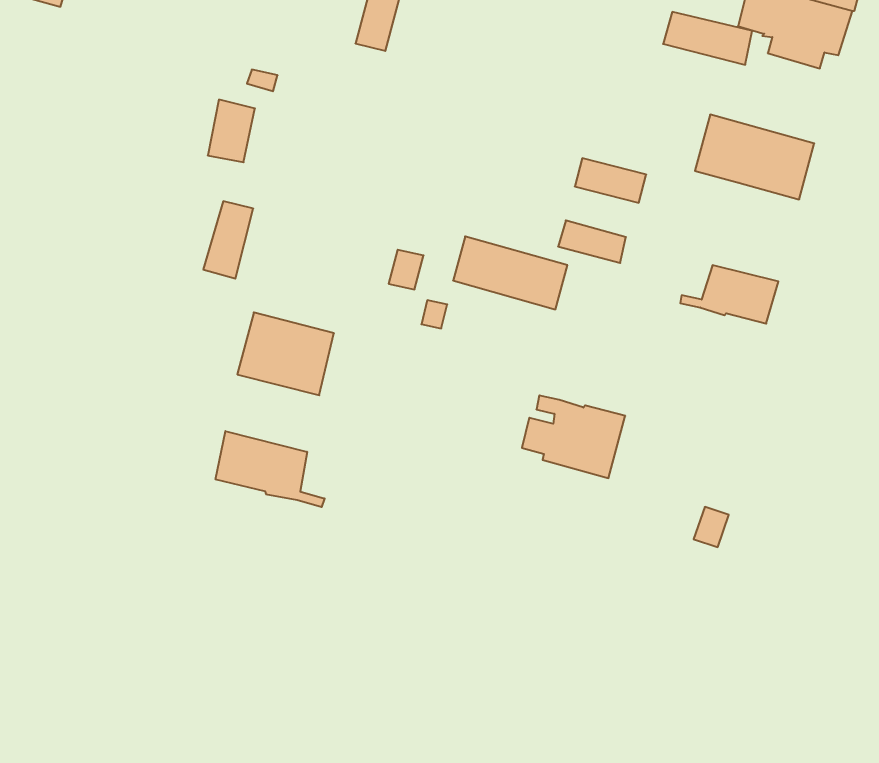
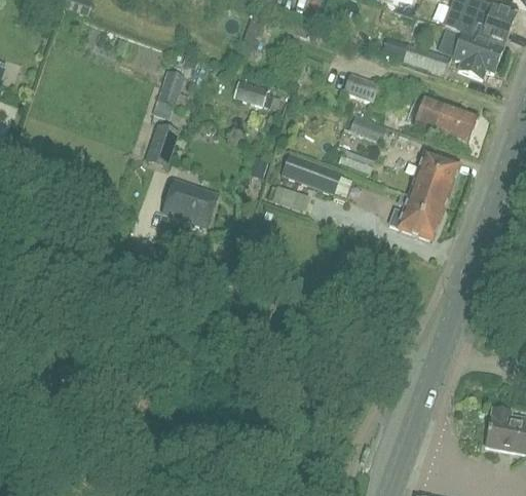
building: none -> [342,72,378,101]
building: none -> [232,78,279,109]
building: none -> [417,154,458,187]
building: [522,395,625,478] -> [387,194,443,240]
building: [216,431,325,507] -> none

